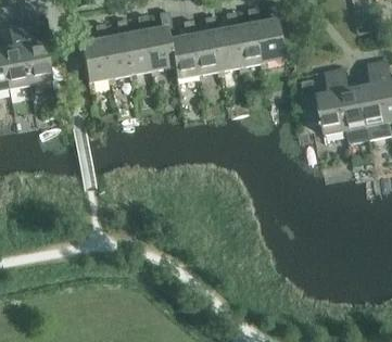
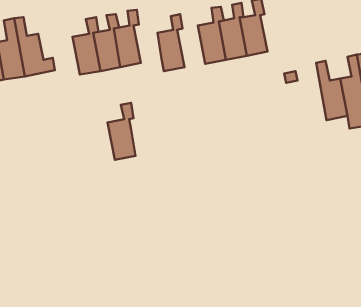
building: [144,10,174,69] -> [107,103,135,160]
building: [190,14,219,74] -> none
building: [307,69,346,134] -> none

